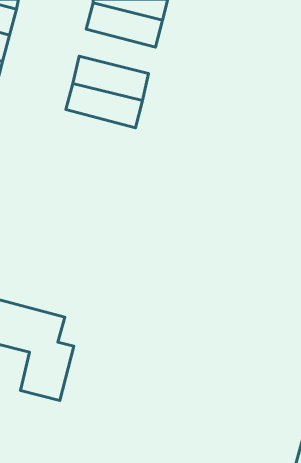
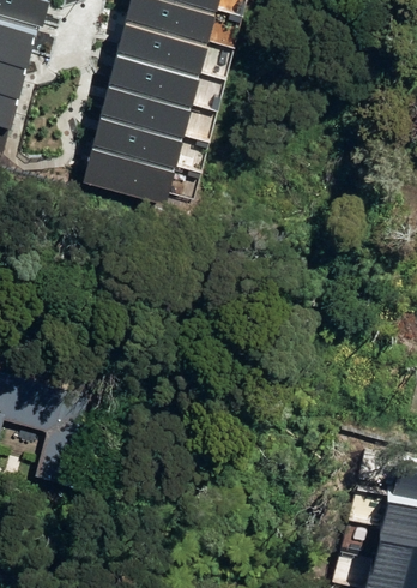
building: none -> [110,50,201,103]
building: none -> [86,146,177,199]

